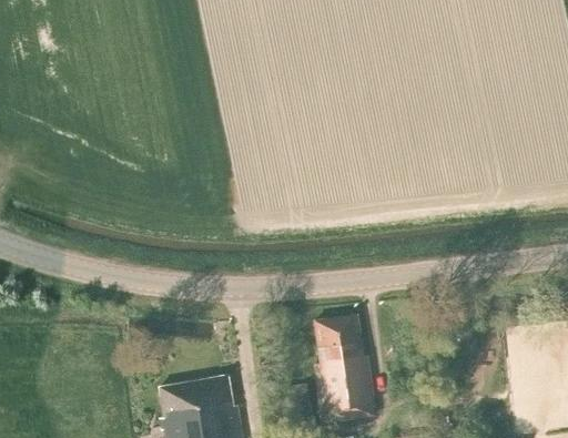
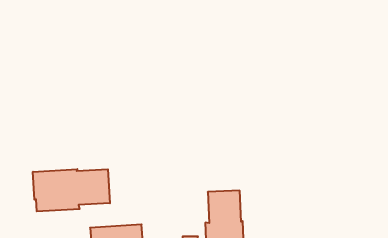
building: none -> [33,169,110,211]

